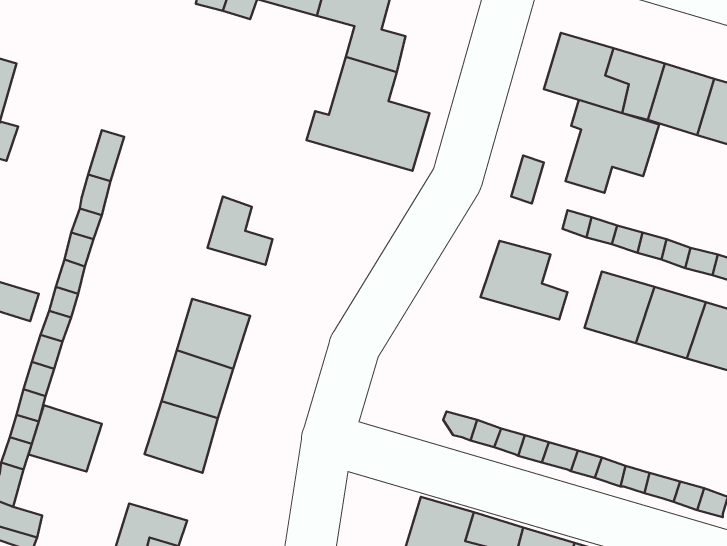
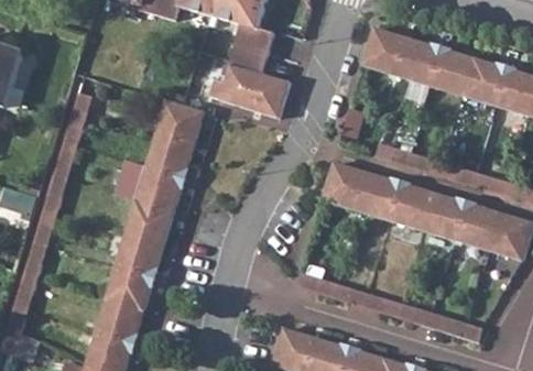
building: [565,100,659,193] -> none
building: none -> [155,101,203,162]
building: none -> [135,167,183,211]
building: none -> [361,172,400,219]
building: [29,405,102,472] -> [95,301,142,343]

